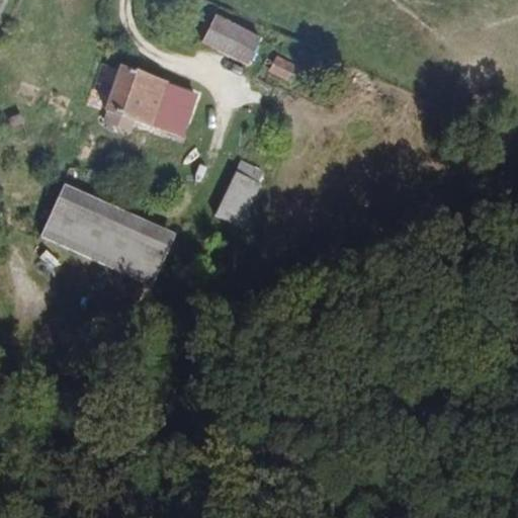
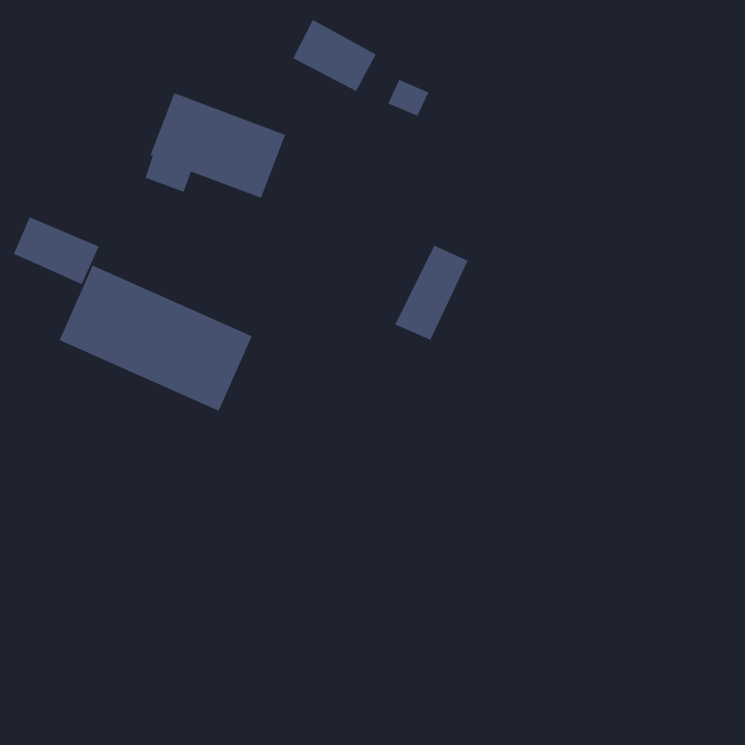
building: none -> [13,216,100,285]
building: [213,160,265,227] -> [394,244,469,341]

